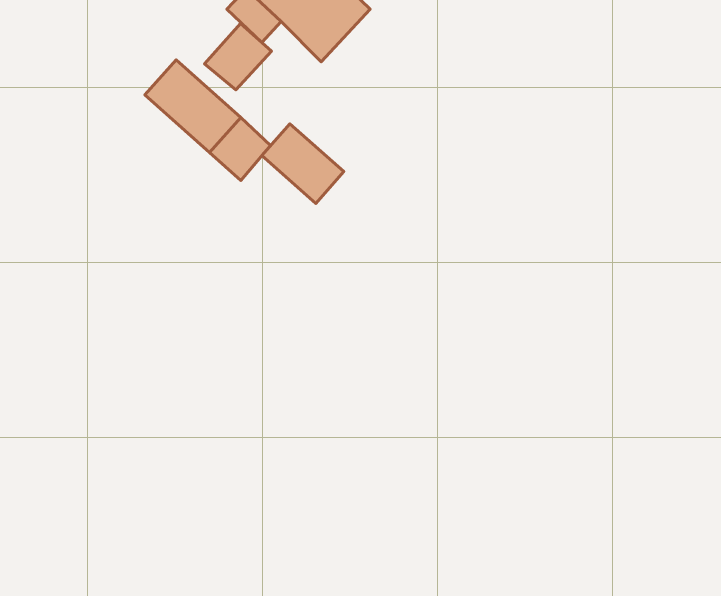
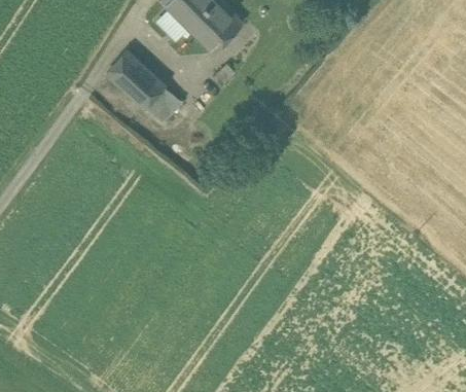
building: [205,23,272,90] -> none
building: [262,124,344,203] -> none

